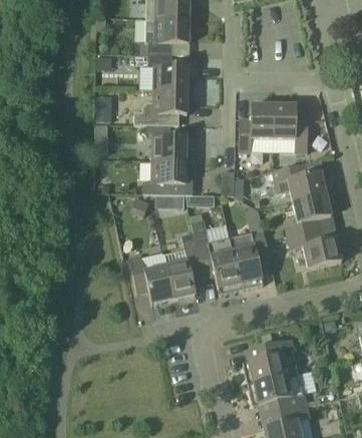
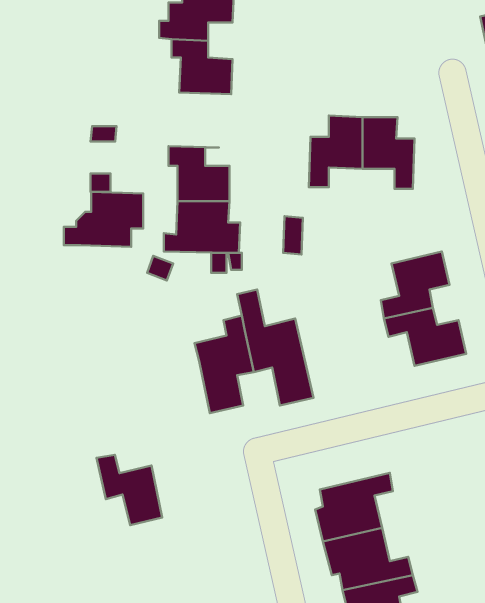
building: [135,88,188,124] -> [64,192,143,247]
building: [273,162,326,200] -> none
building: [230,229,270,289] -> none
building: [130,258,173,304] -> [97,455,162,525]

